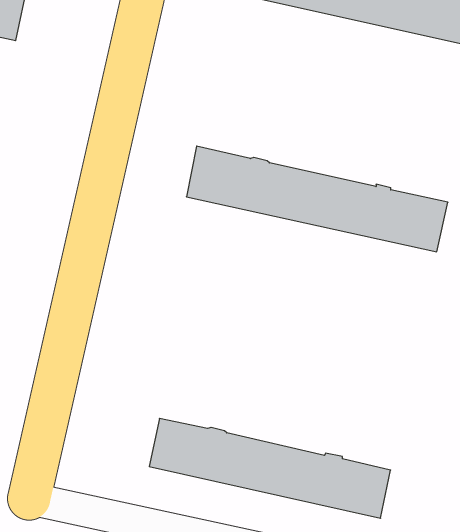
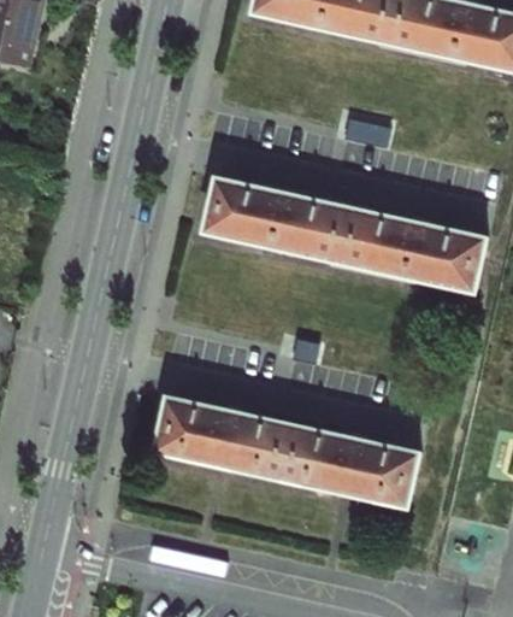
building: [149,418,391,518] -> [155,396,414,504]

